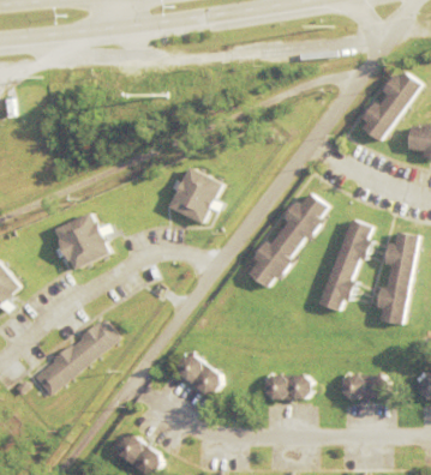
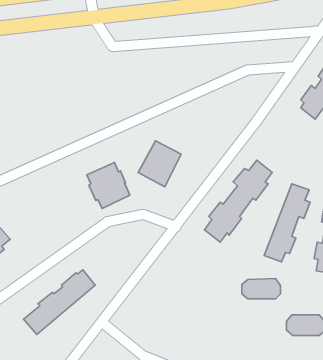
building: [56,212,107,266] -> [87,162,130,209]
building: [178,354,220,391] -> none
building: [265,373,311,397] -> [242,278,281,299]

